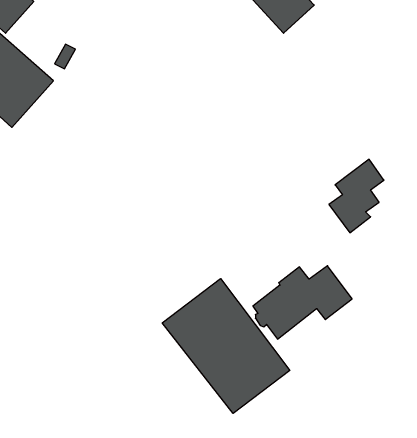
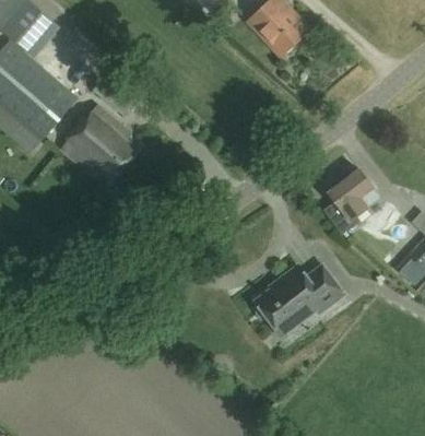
building: none -> [58,104,138,186]
building: [162,279,290,413] -> none

